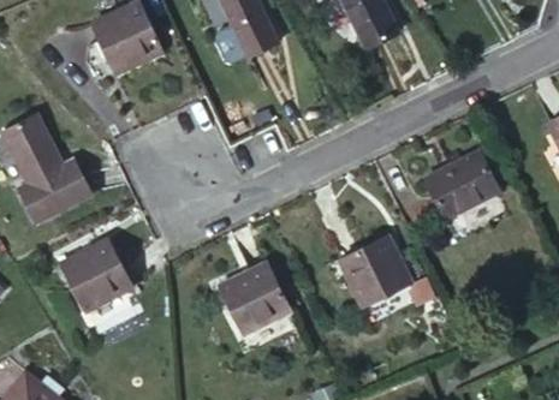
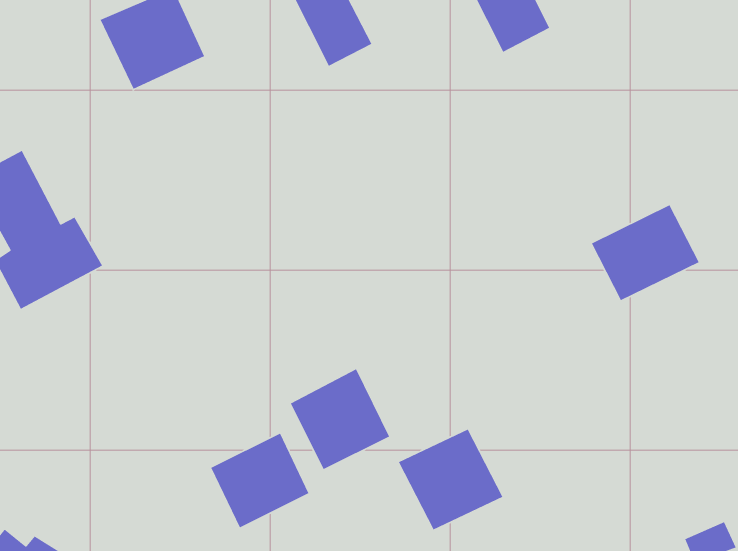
building: [339,237,411,306] -> [398,428,503,531]
building: [60,240,135,312] -> none
building: none -> [210,432,310,529]

